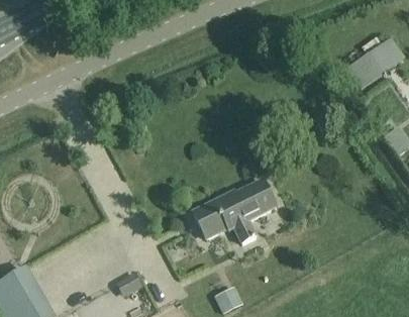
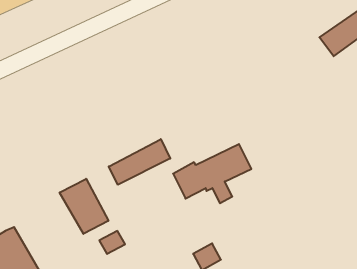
building: none -> [109,139,170,185]
building: none -> [60,179,108,234]

